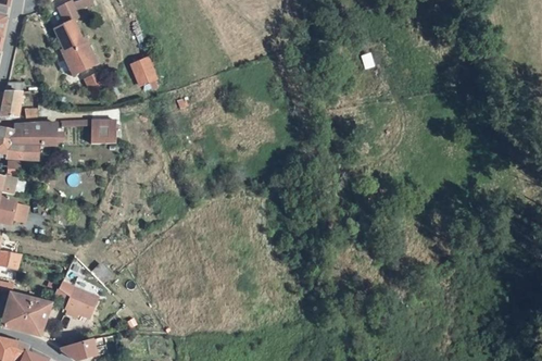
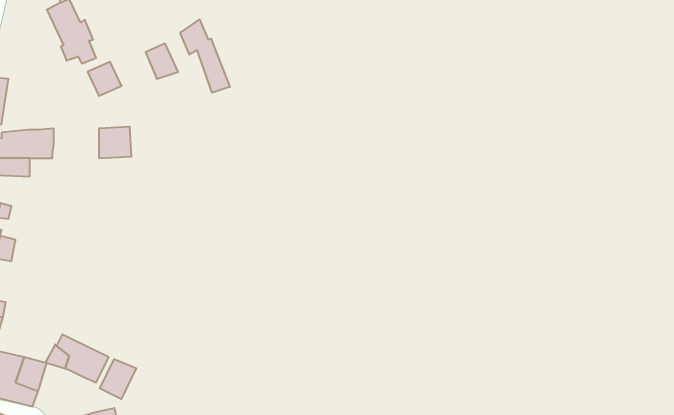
building: none -> [180,19,230,93]
building: none -> [100,359,136,399]

